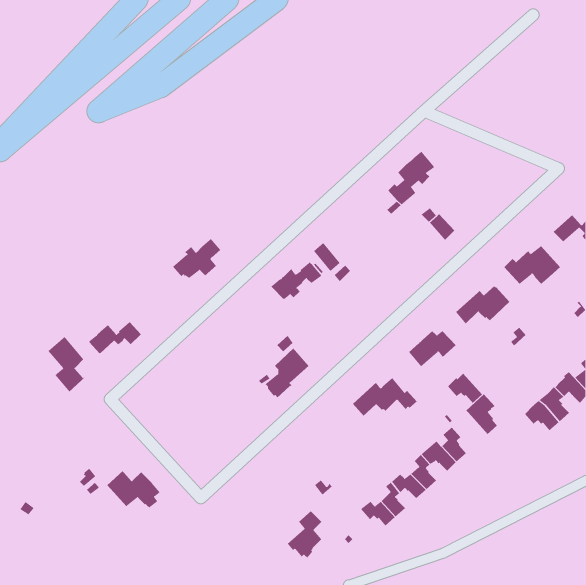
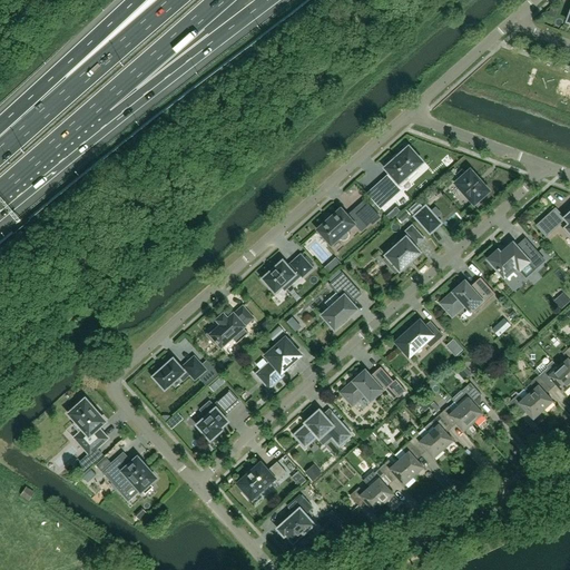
building: none -> [455,169,489,203]
building: none -> [318,200,380,244]
building: none -> [386,225,423,272]
building: [172,238,221,278] -> [205,306,253,345]
building: none -> [323,273,362,328]
building: [88,321,142,355] -> [154,355,206,389]
building: [48,336,87,392] -> [69,399,107,453]
building: [447,373,483,404] -> [439,401,473,431]
building: none -> [198,391,239,439]
building: none -> [295,411,351,445]
building: none -> [238,461,286,499]

